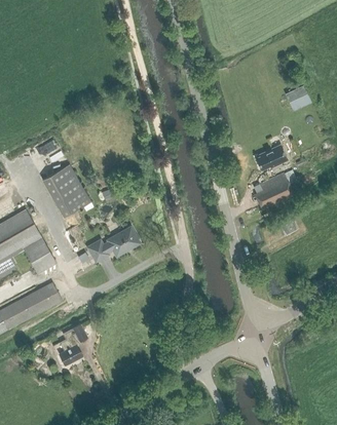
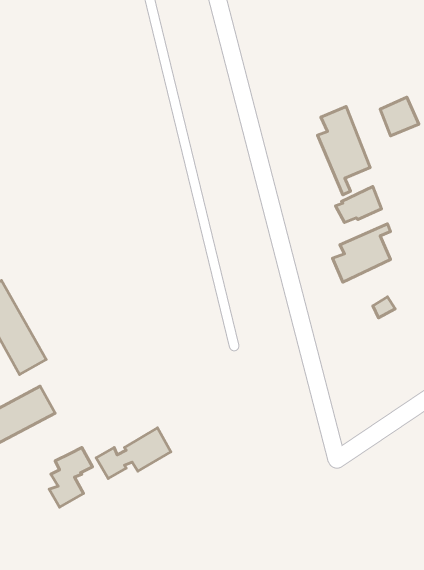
building: none -> [318,107,370,195]
building: [42,163,90,217] -> none
building: [88,226,140,261] -> [96,428,171,479]

